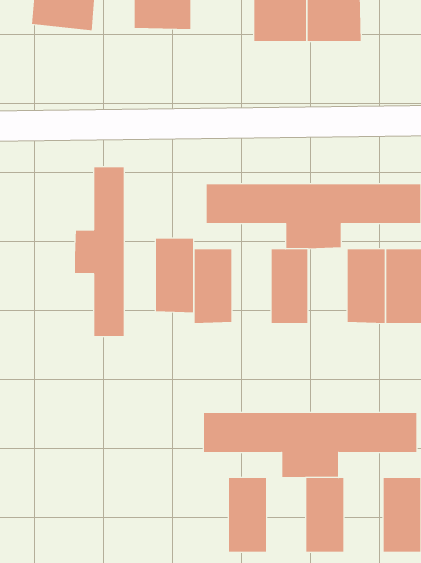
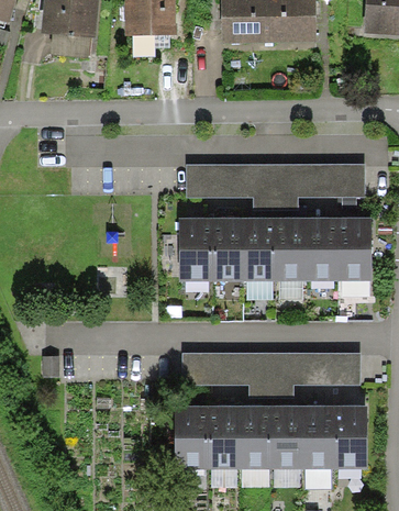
building: [74,167,124,337] -> none
building: [155,238,194,313] -> [209,218,241,279]
building: none -> [271,216,303,279]
building: none -> [175,407,206,468]
building: none -> [237,407,269,468]
building: none -> [301,407,333,468]

